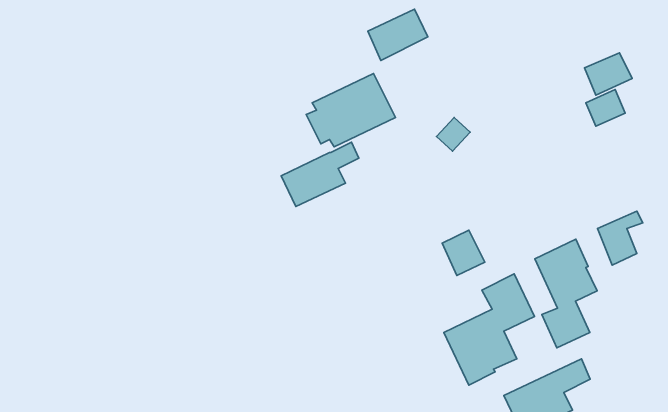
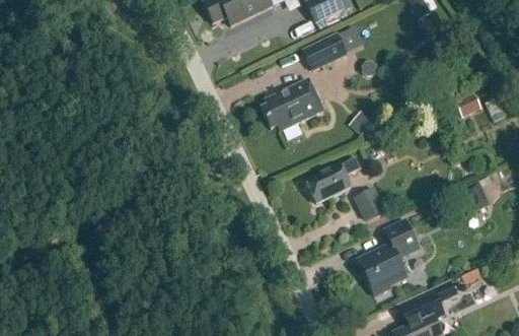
building: [585,53,632,95] -> none
building: [281,142,359,207] -> [306,157,360,202]
building: [535,239,597,348] -> none

